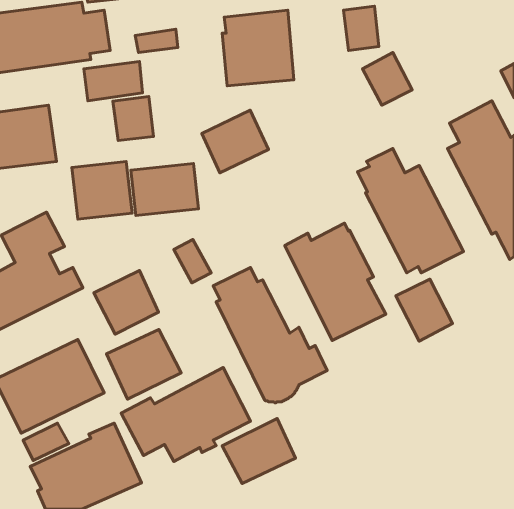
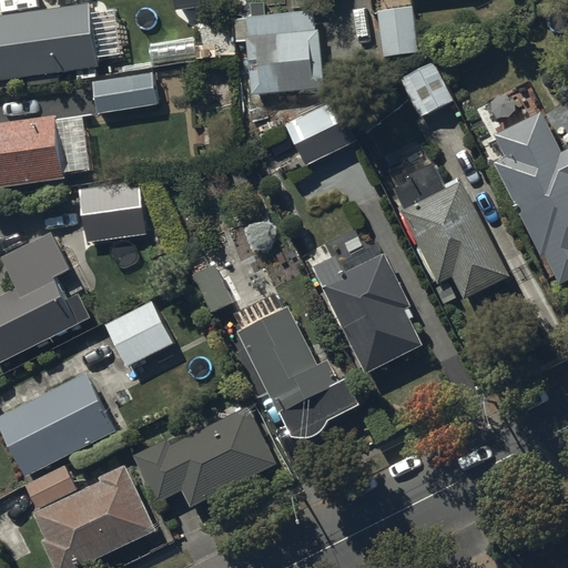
building: [113,97,153,140] -> none
building: [202,110,268,173] -> [285,97,358,165]
building: [131,164,199,215] -> none
building: [396,279,452,341] -> none
building: [107,329,181,399] -> none
building: [222,419,296,484] -> none

